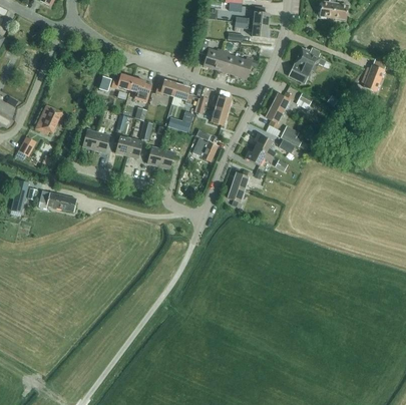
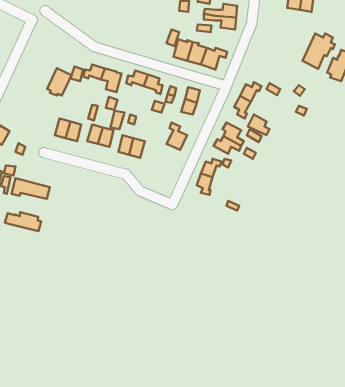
building: [289,47,322,83] -> [302,34,335,69]
building: [37,104,62,132] -> [47,68,72,96]
building: none -> [5,212,41,231]

